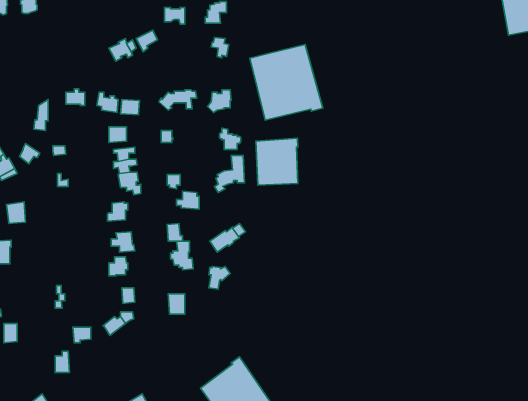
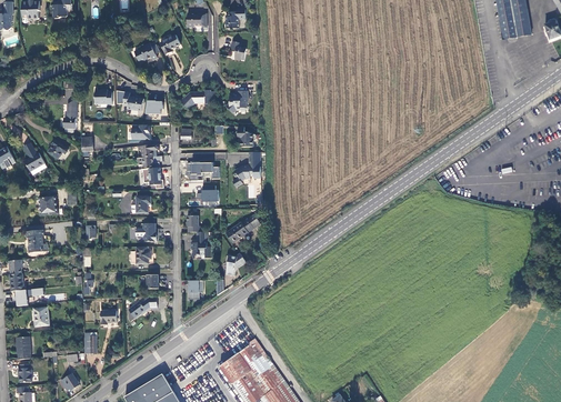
building: [250,44,323,120] -> none
building: [256,138,298,185] -> none

